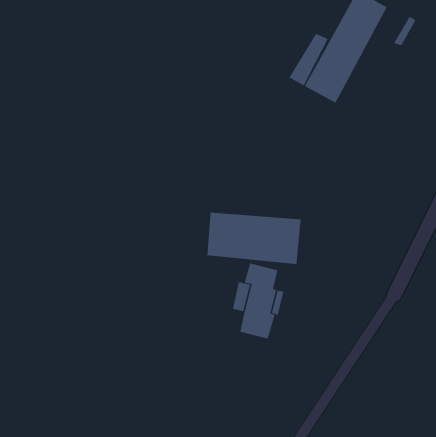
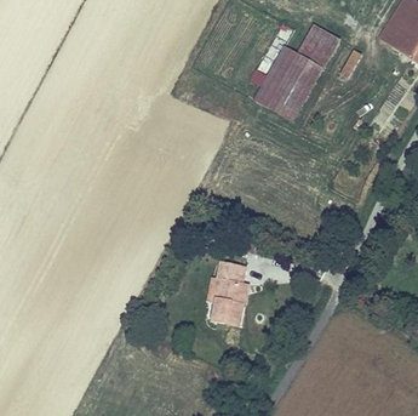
building: [207,212,301,265] -> none

